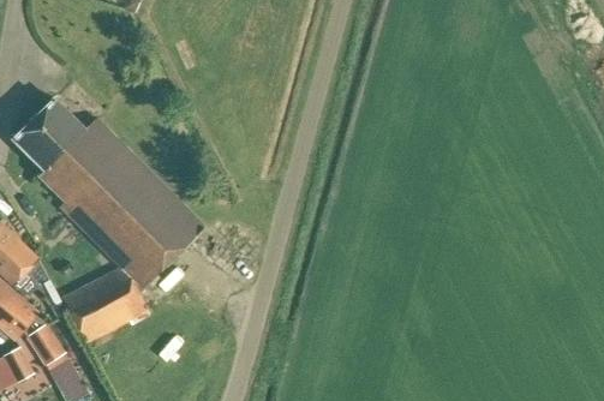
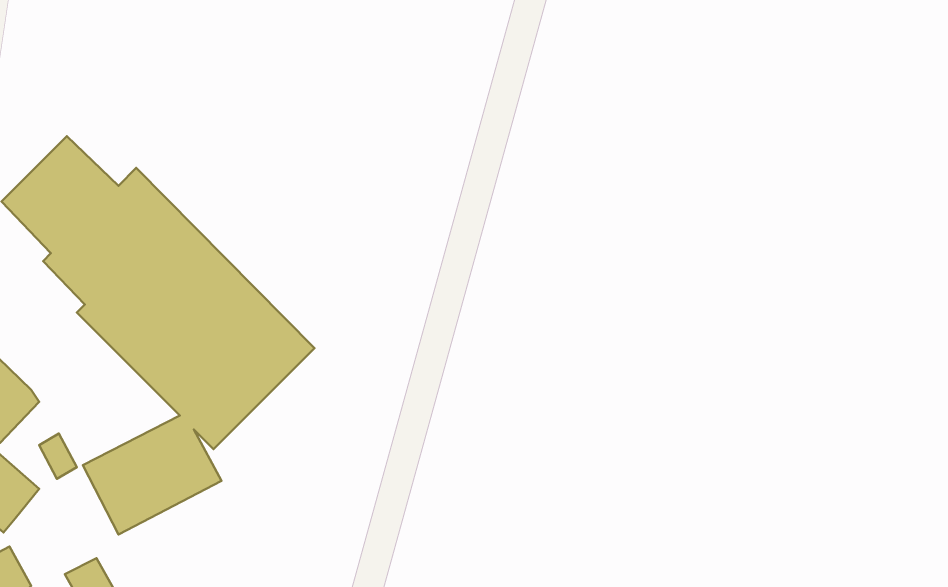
building: [23,312,65,365] -> none

